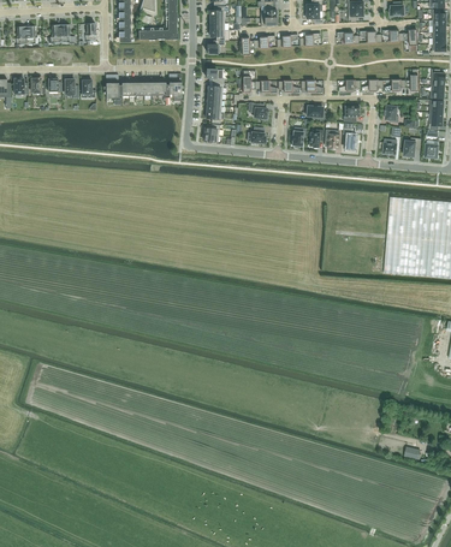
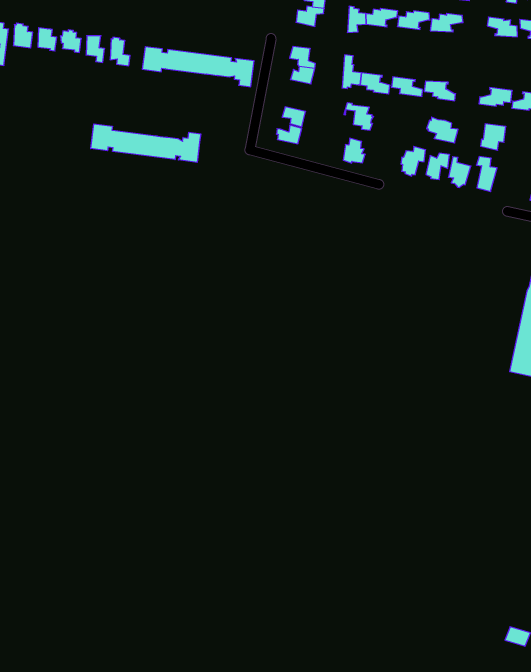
building: none -> [91,124,201,162]

